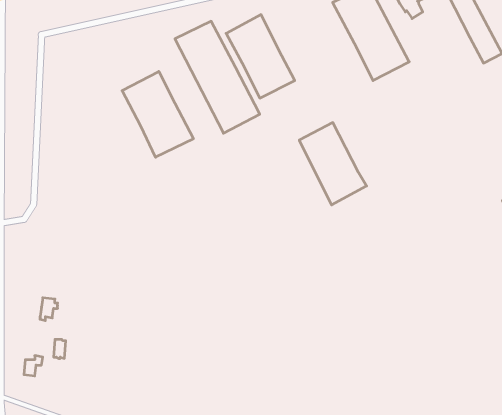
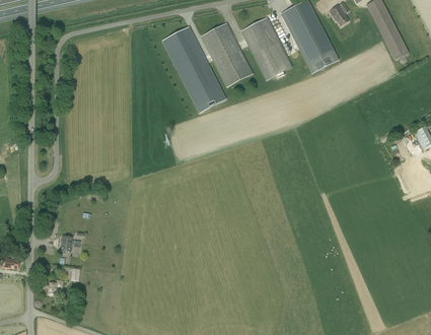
building: [122,71,193,157] -> none
building: [299,123,367,205] -> [241,17,292,79]

